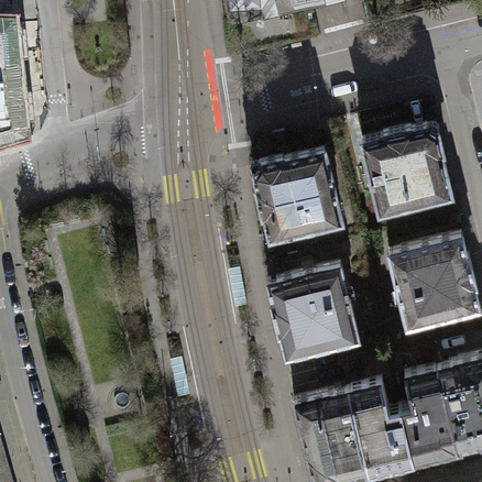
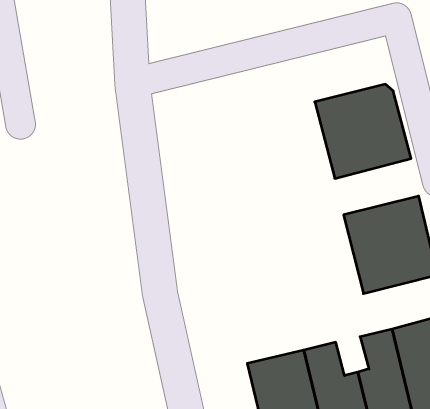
building: [250,149,340,240] -> none
building: [265,263,355,355] -> none

